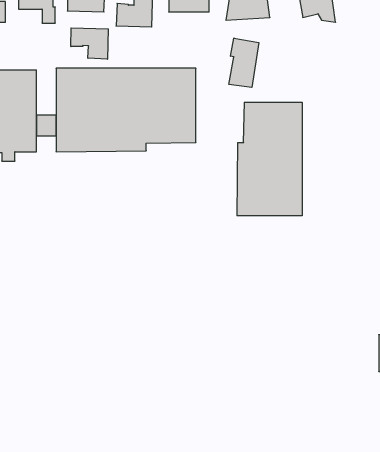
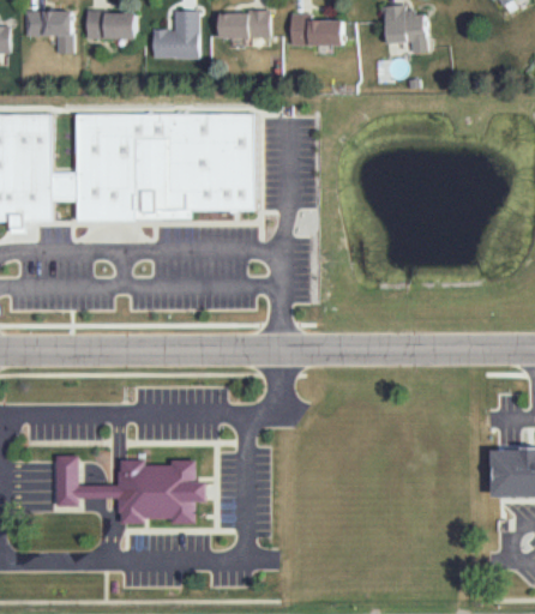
building: [71,28,108,59] -> none
building: [229,38,259,87] -> none
building: [237,102,302,216] -> none
building: none -> [55,458,205,526]

